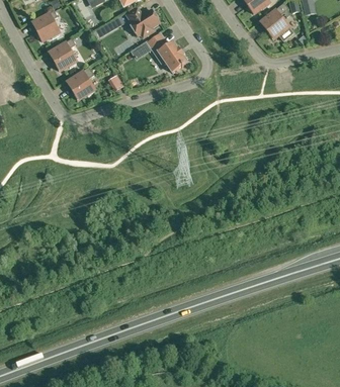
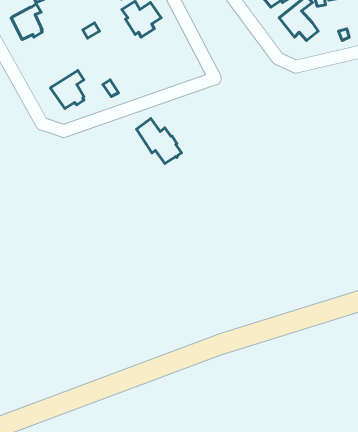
building: [148,32,186,71] -> [136,118,182,164]
building: [49,37,76,70] -> none

